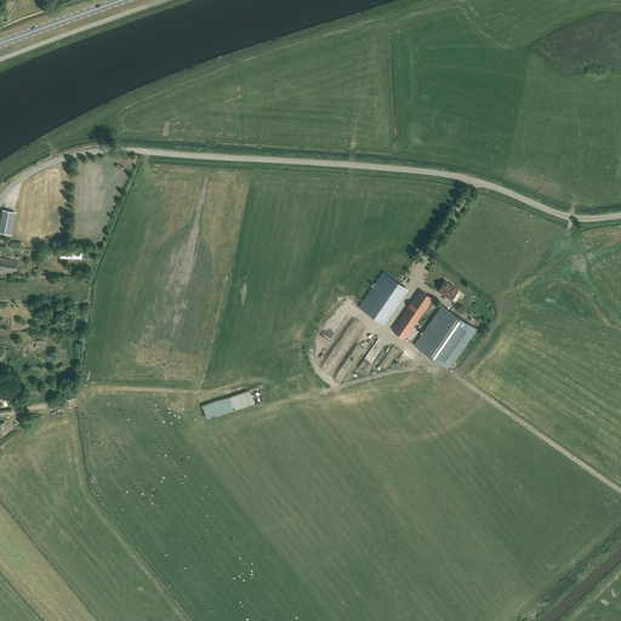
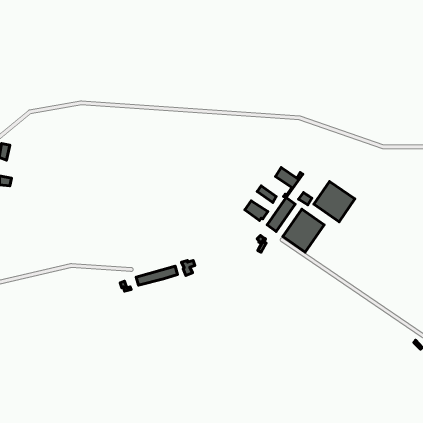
building: none -> [314,181,355,222]
building: [368,281,408,325] -> [275,168,303,197]

